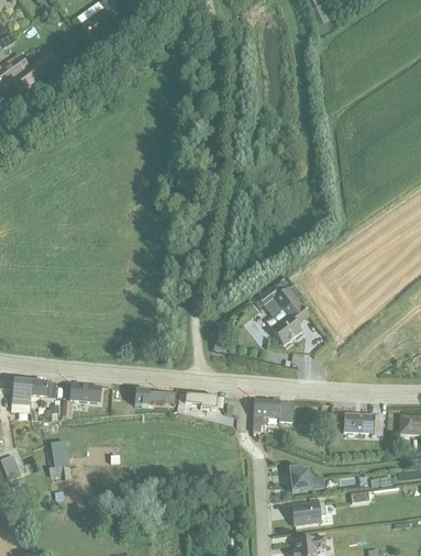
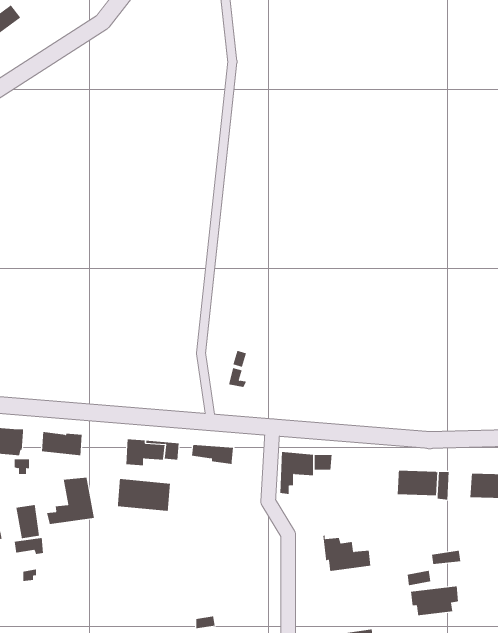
building: [257,280,308,344] -> none
building: none -> [46,477,95,525]
building: none -> [117,478,170,512]
building: [287,501,324,524] -> [410,586,459,616]

